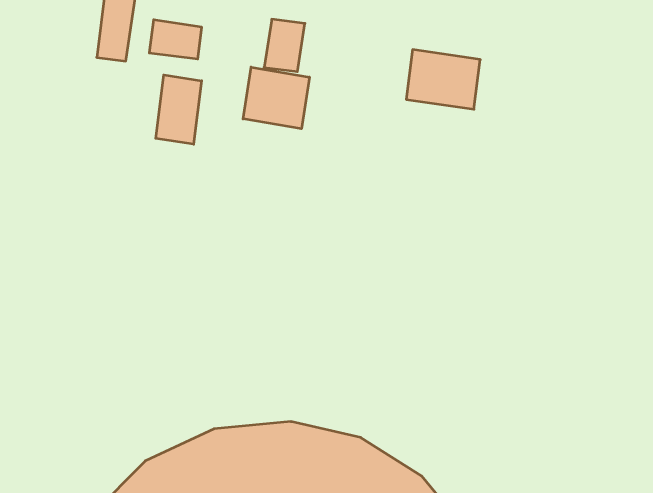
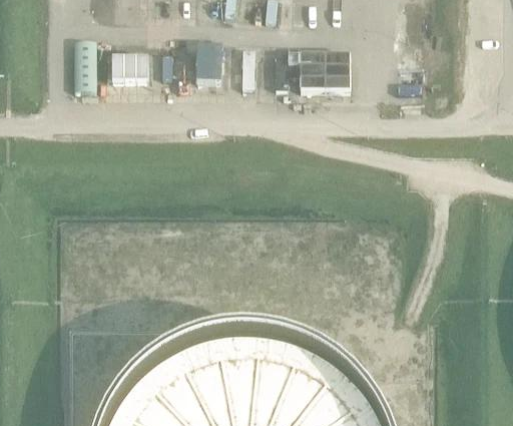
building: [243,67,309,129] -> none
building: [156,75,202,144] -> none

